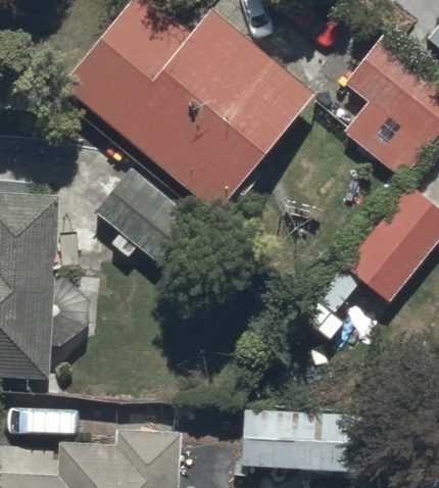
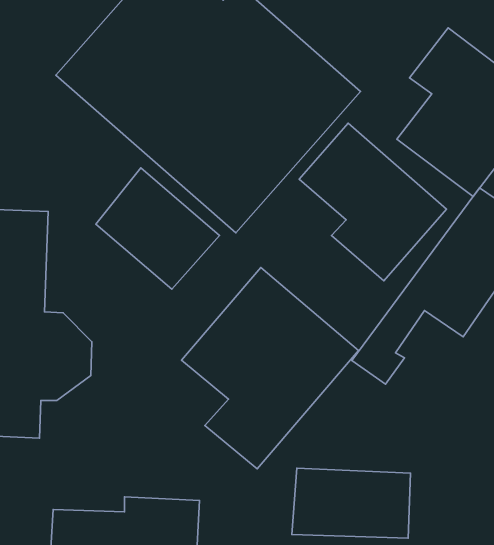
building: none -> [299,123,447,281]
building: none -> [182,268,358,469]

